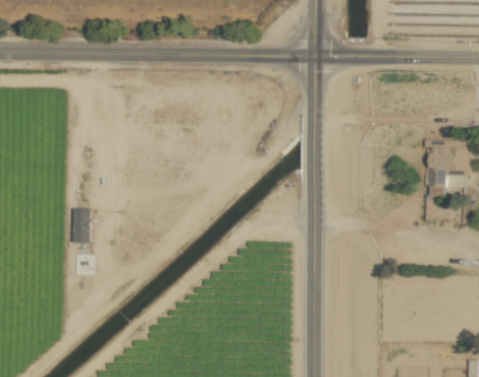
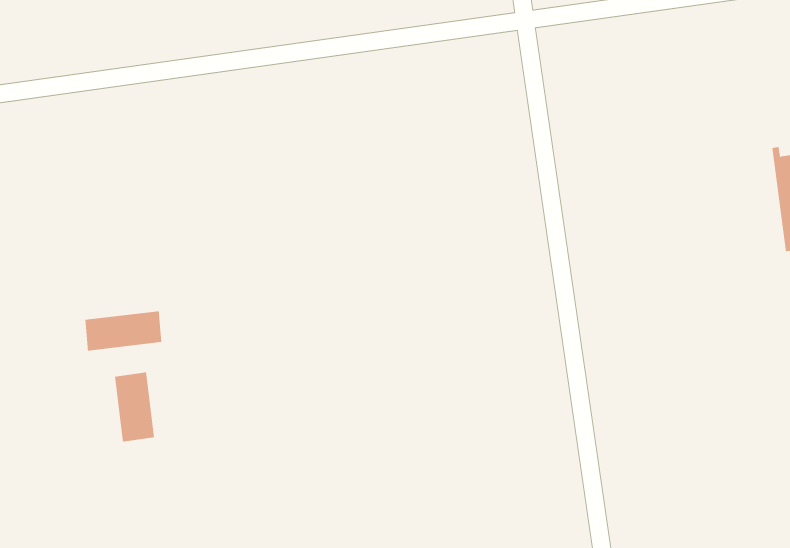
building: none -> [85,310,162,351]

